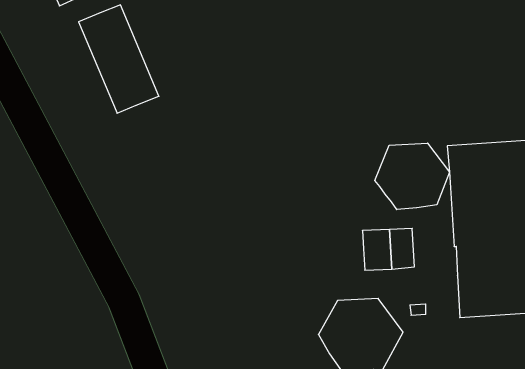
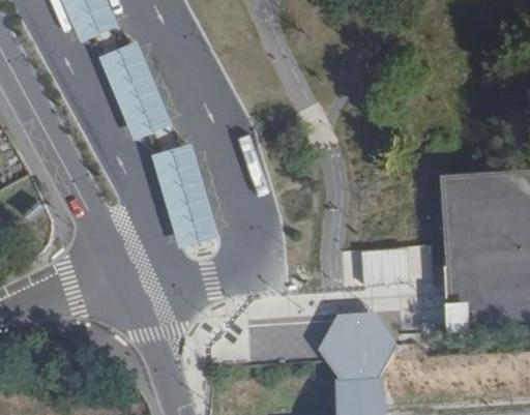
building: none -> [152,146,220,253]
building: [375,143,450,210] -> none

